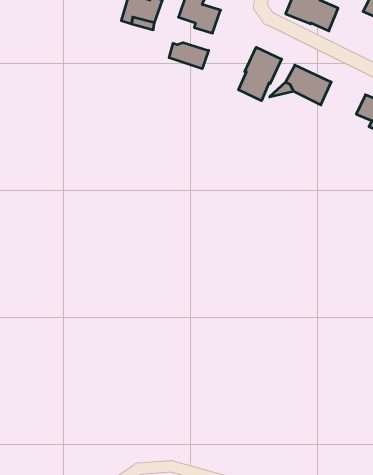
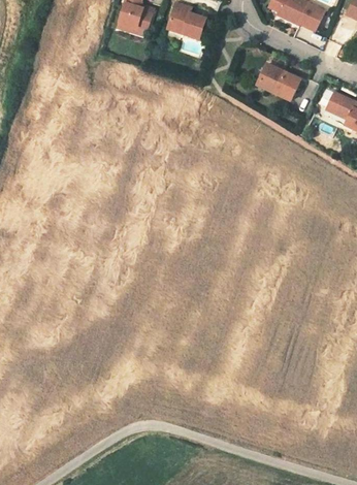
building: [169,43,209,69] -> none
building: [239,47,282,101] -> none

